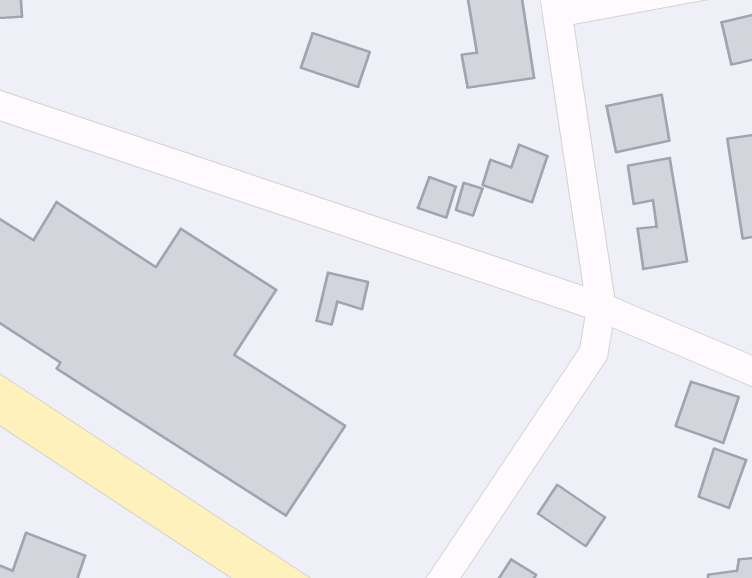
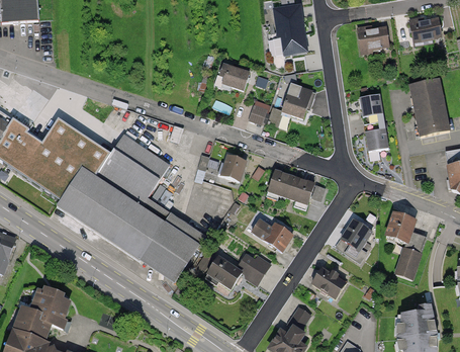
building: [301,33,370,87] -> [217,64,254,92]
building: [606,95,669,152] -> [354,23,387,54]
building: none -> [220,154,246,179]
building: none -> [267,170,314,202]
building: none -> [249,217,293,253]
building: none -> [338,221,370,260]
building: none -> [206,252,267,288]

